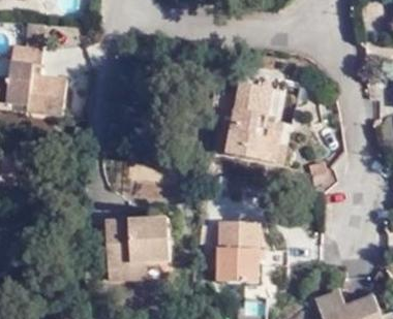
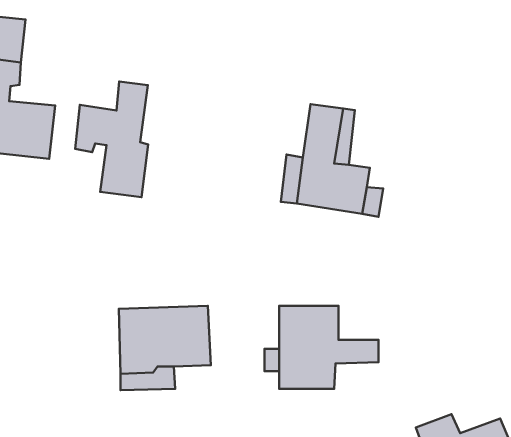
building: none -> [75,82,148,197]

